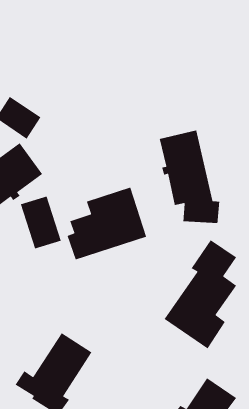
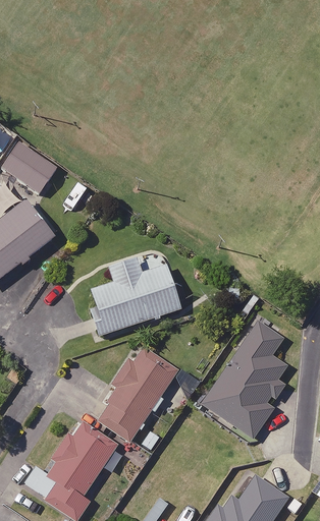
building: [159,129,220,224] -> none
building: [20,195,62,249] -> none
building: none -> [98,346,176,442]

